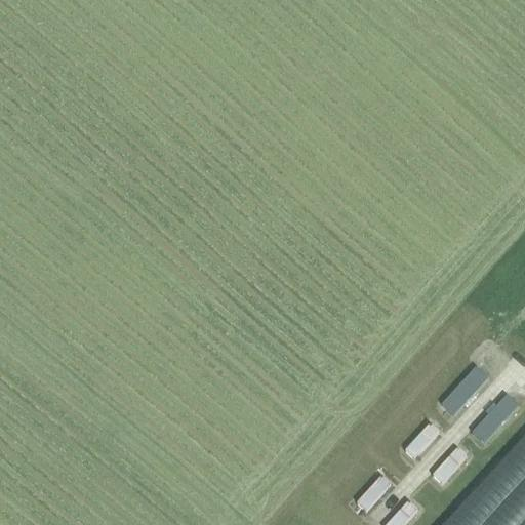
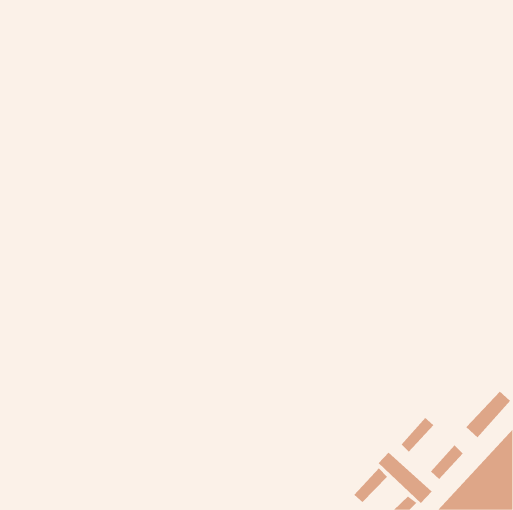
building: [443,368,489,417] -> none
building: none -> [378,452,433,504]

